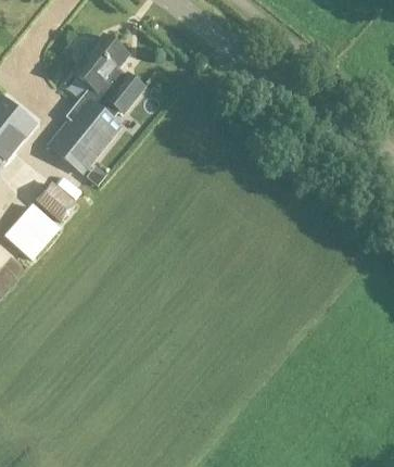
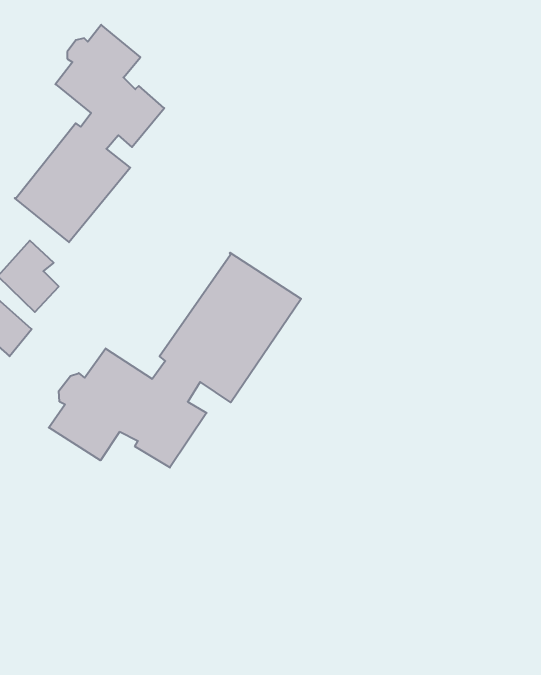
building: none -> [49,253,301,468]

